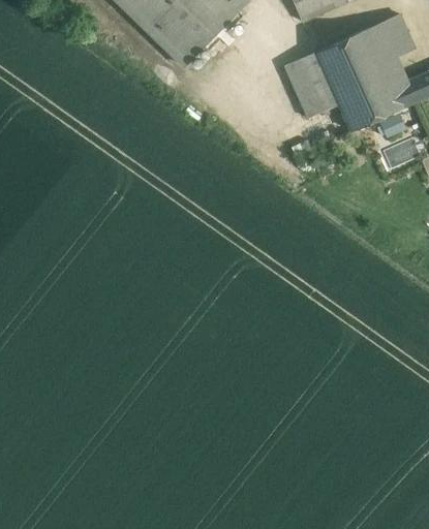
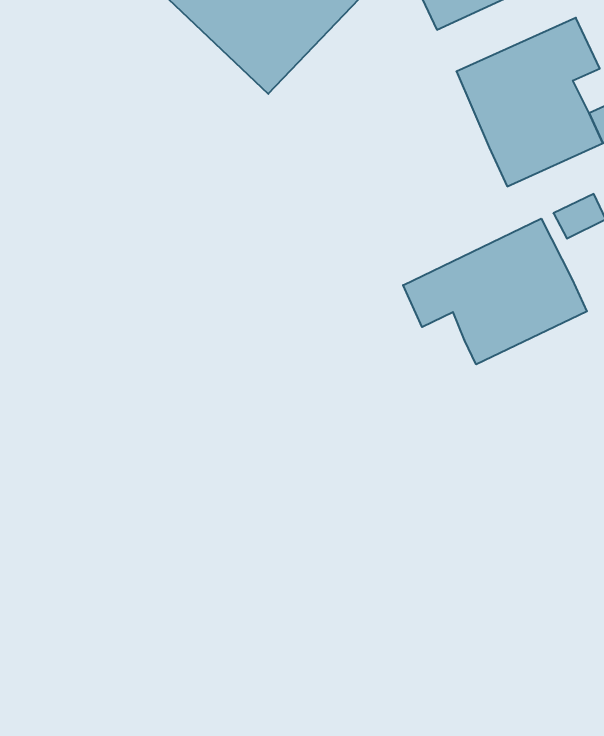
building: [285,51,340,117] -> none
building: none -> [403,219,587,364]

